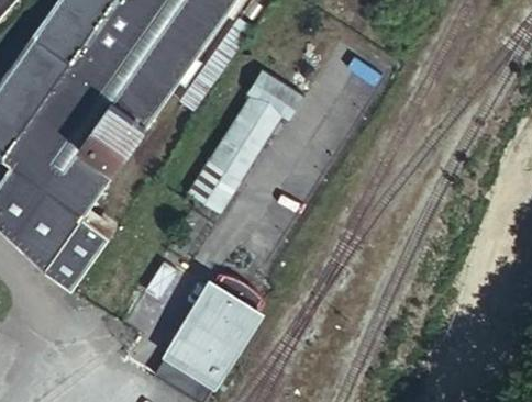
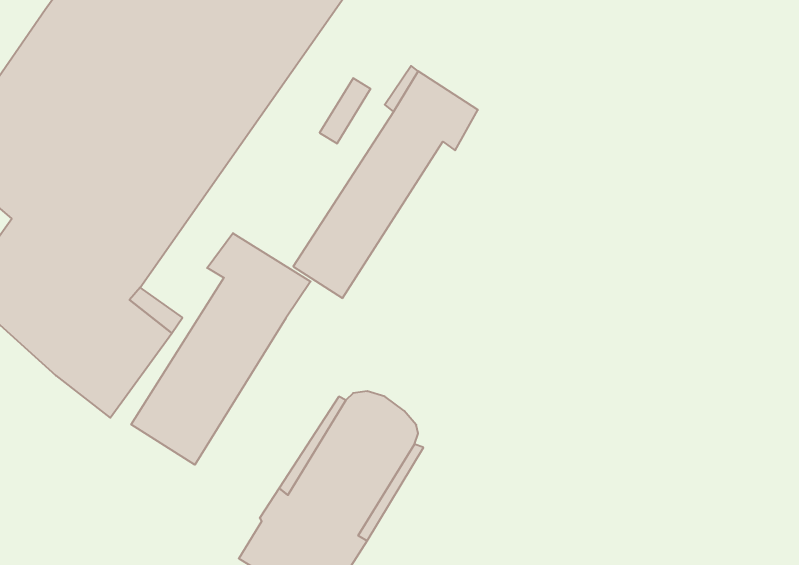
building: none -> [131,233,311,465]

